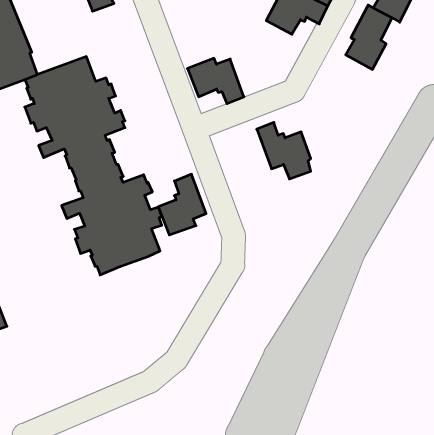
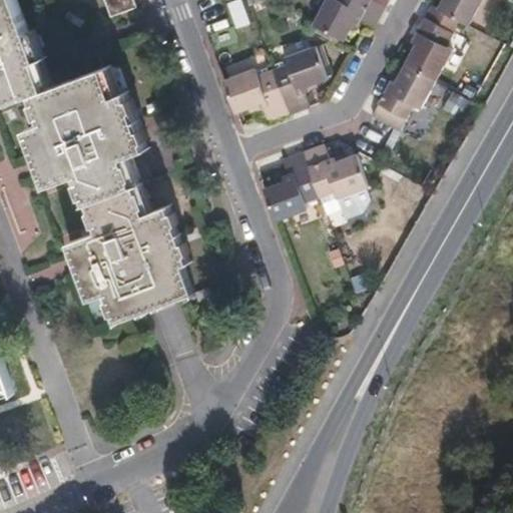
building: none -> [270,45,324,113]
building: none -> [371,64,436,133]
building: [158,174,206,235] -> [262,151,318,222]

